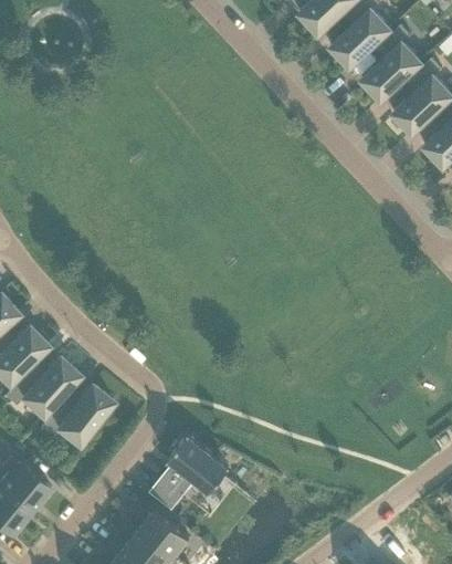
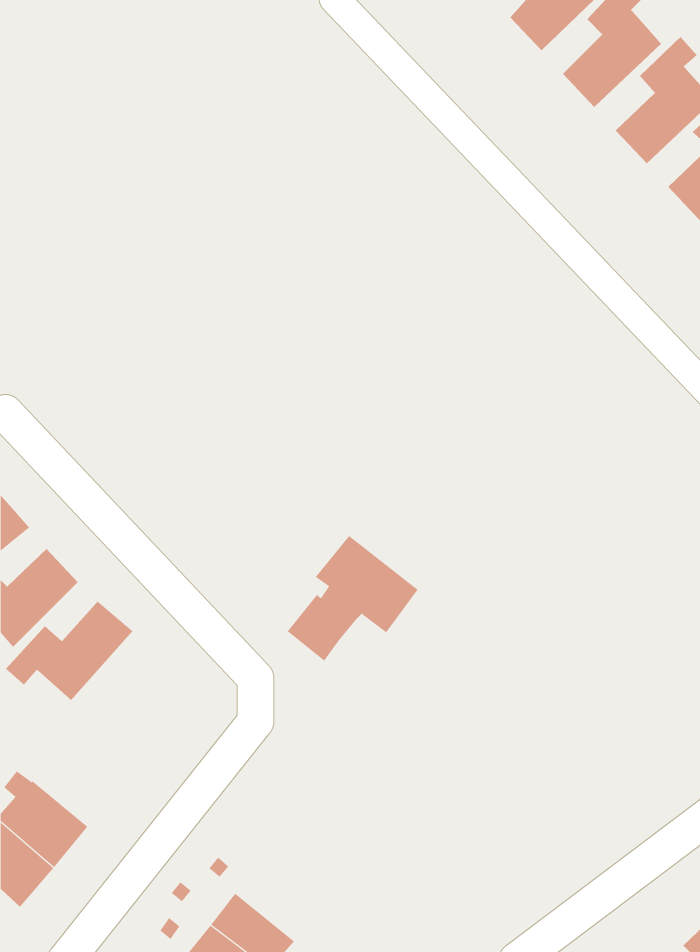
building: [39,384,112,443] -> none
building: [150,436,228,510] -> [287,535,418,661]
building: [138,510,188,556] -> none

